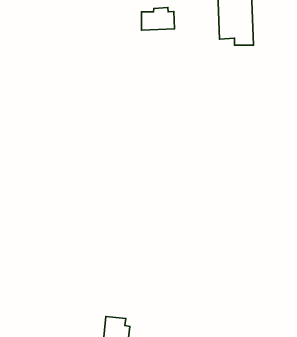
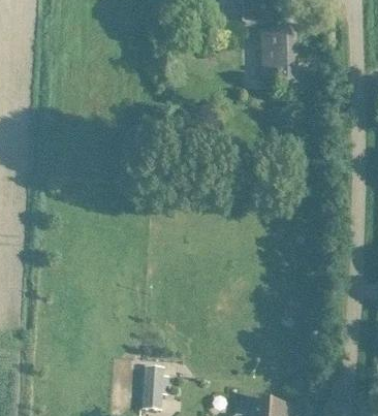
building: [141,8,175,30] -> none

